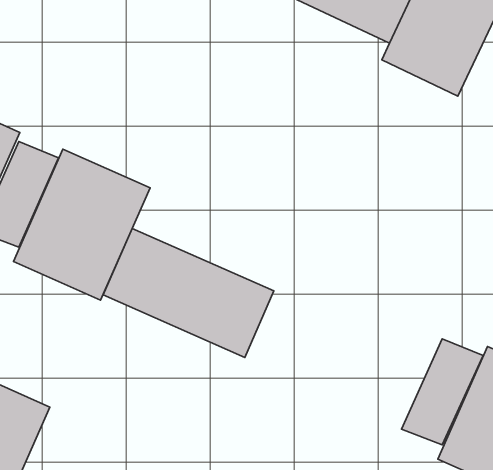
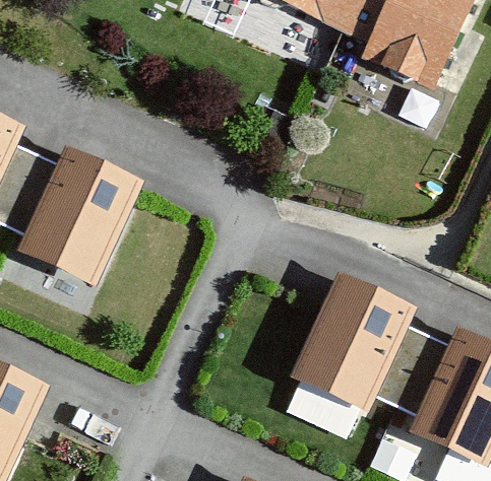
building: [103,228,274,358] -> none
building: none -> [288,270,414,408]

